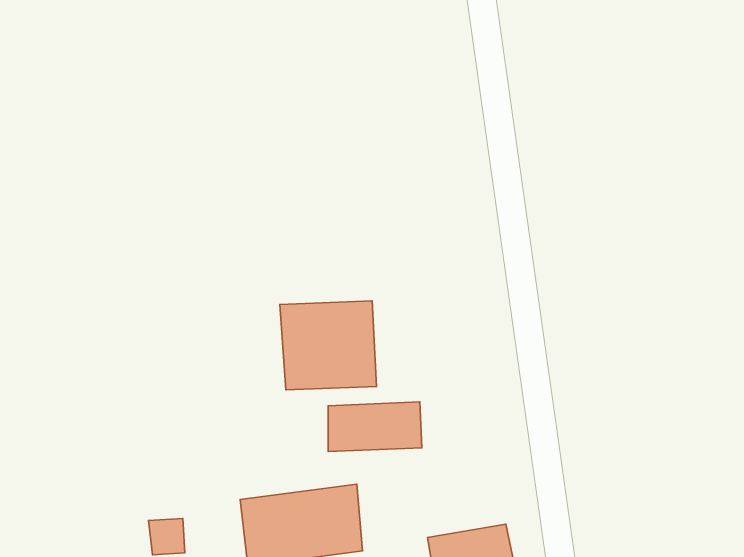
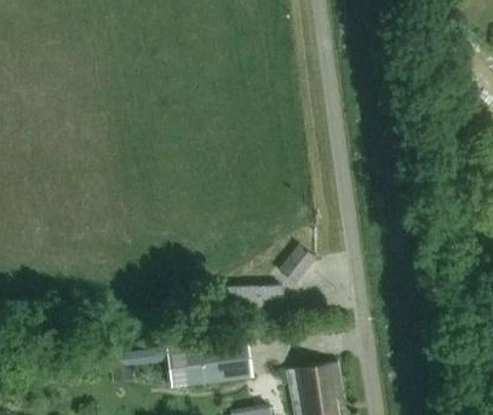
building: [280,301,376,390] -> none
building: none -> [279,246,316,284]

